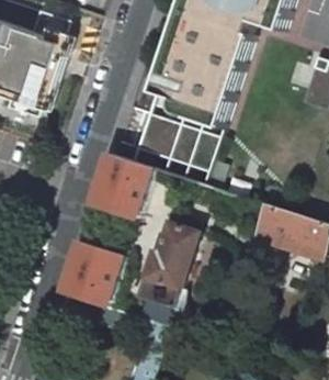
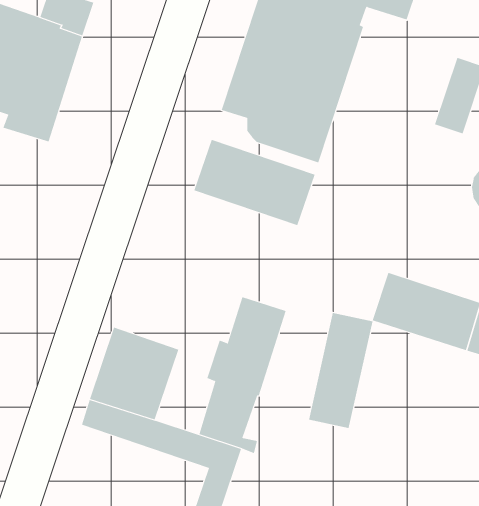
building: [95,153,154,206] -> none
building: none -> [309,312,373,429]

